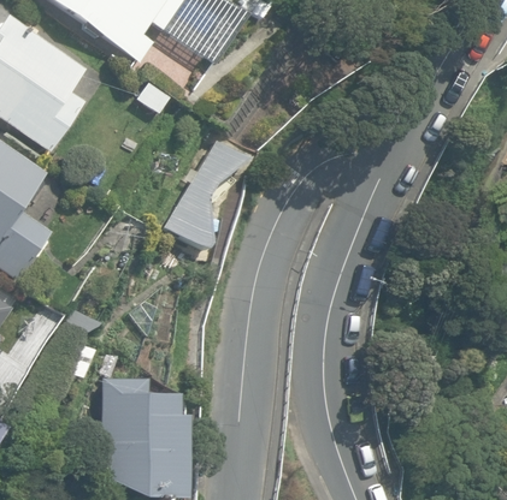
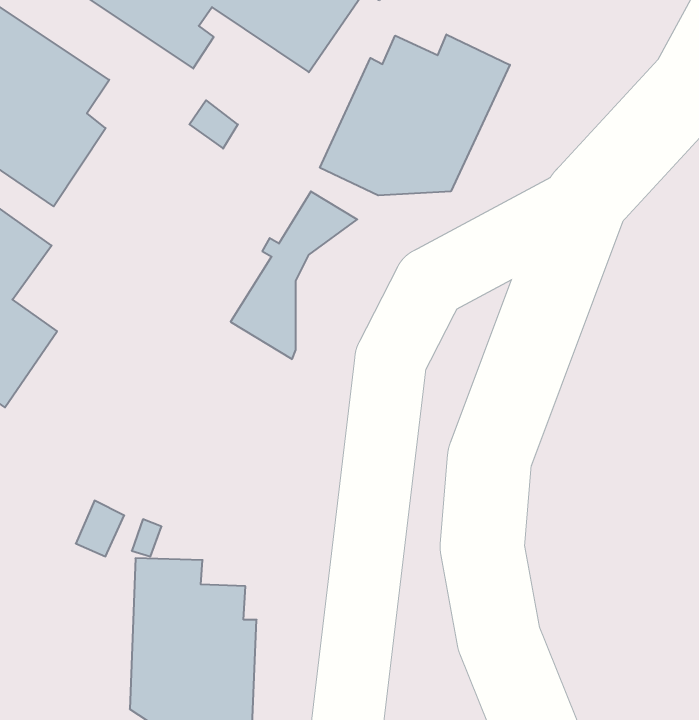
building: none -> [320,34,510,195]

